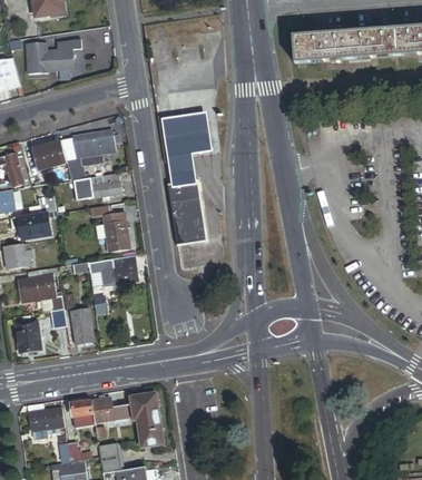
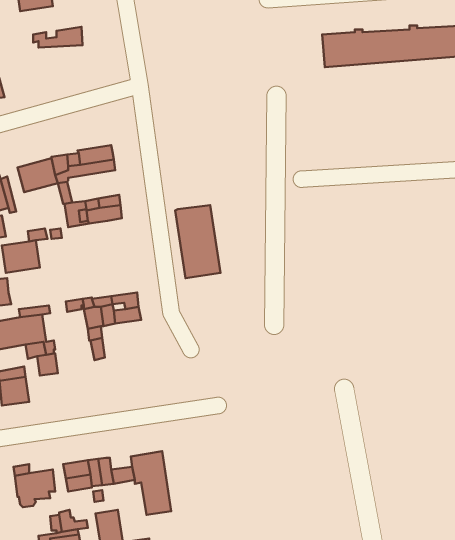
building: [26,36,77,72] -> none
building: [159,112,213,185] -> none
building: [91,205,129,253] -> none
building: [70,308,94,344] -> none

